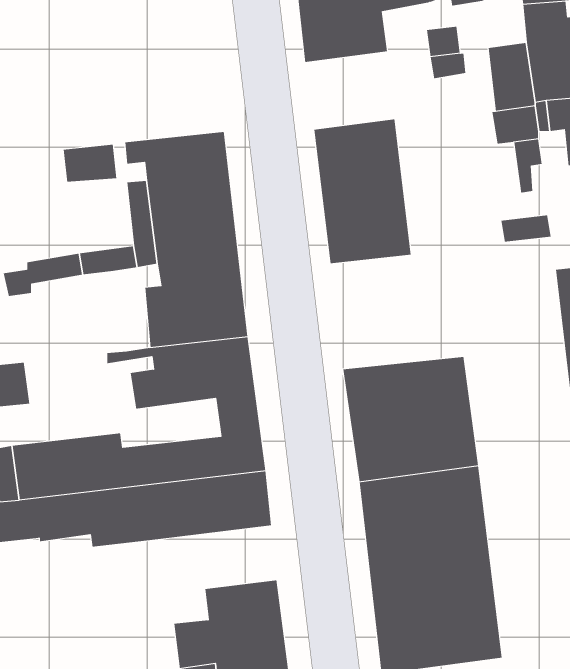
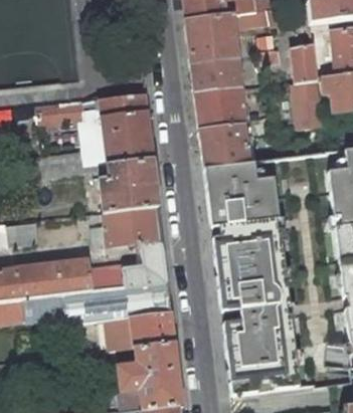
building: none -> [190,48,240,91]
building: none -> [204,160,279,224]
building: none -> [108,311,175,349]

